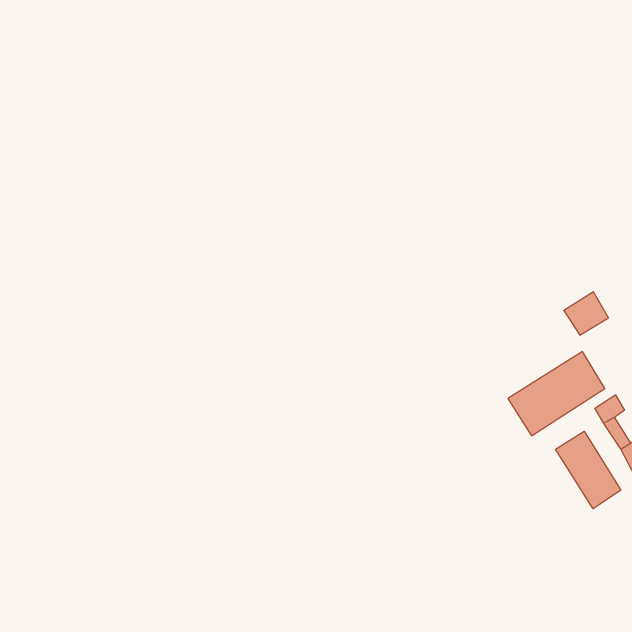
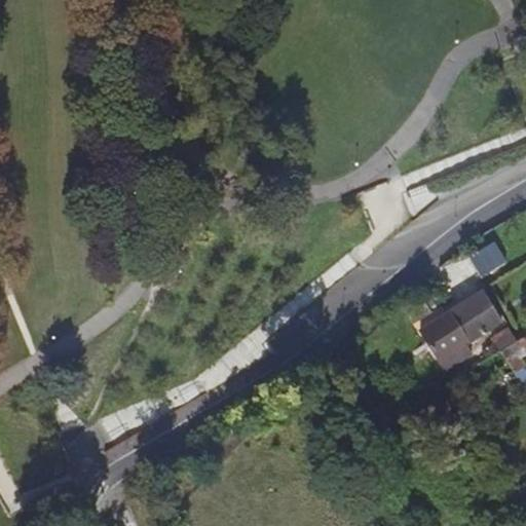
building: [556,431,621,509] -> none

